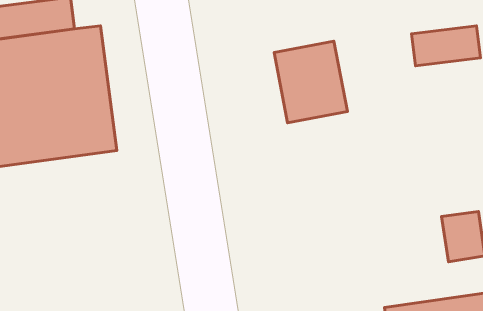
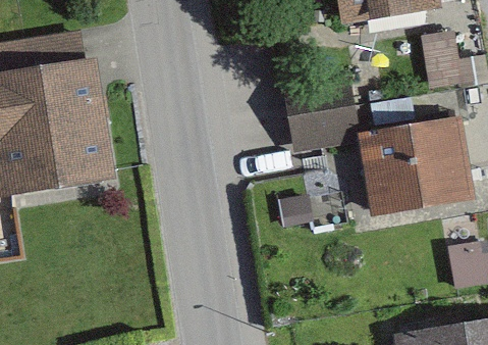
building: none -> [362,117,480,214]

